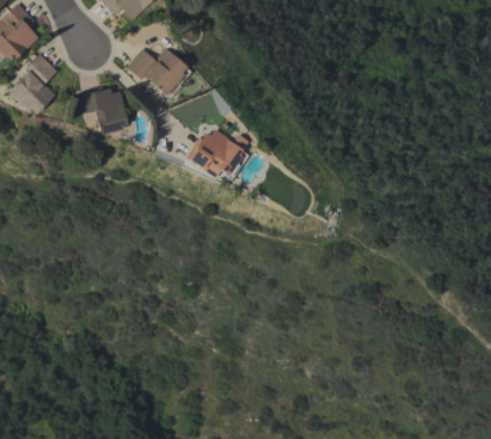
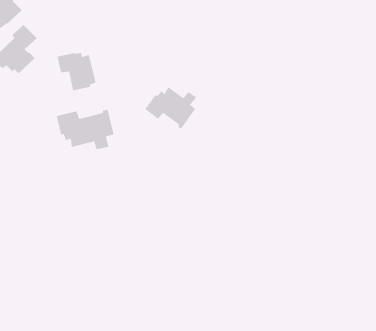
building: [127,48,190,96] -> none
building: none -> [56,109,114,150]

